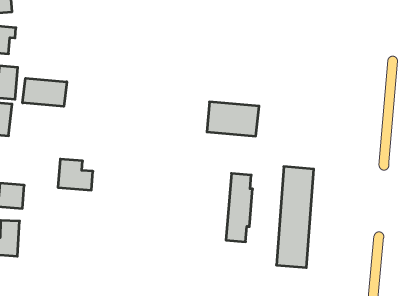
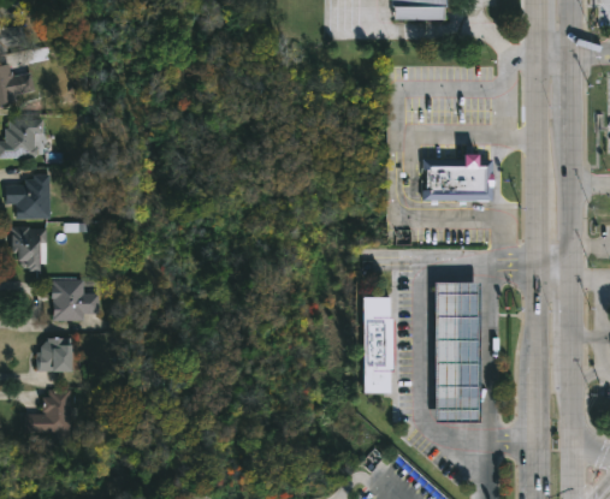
building: [23,78,67,106] -> none
building: [207,102,259,136] -> [422,158,492,200]
building: [58,159,93,190] -> [54,279,101,319]

